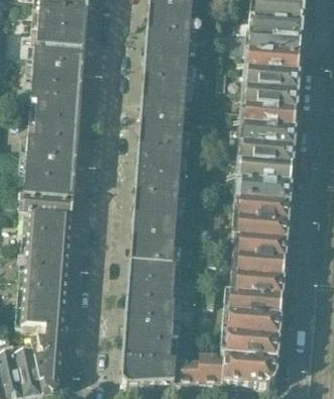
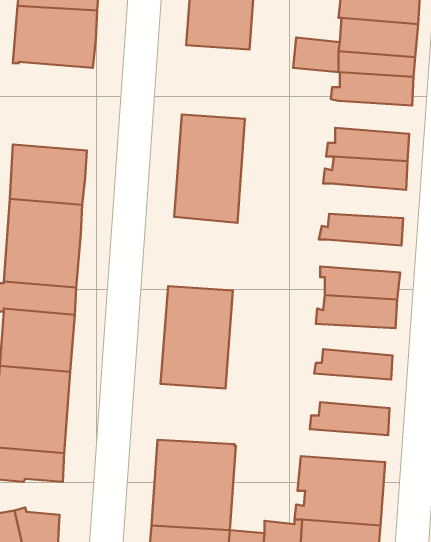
building: [144,32,190,82] -> none
building: [31,43,85,103] -> none
building: [242,70,299,92] -> none
building: [238,125,295,148] -> none
building: [135,147,182,197] -> none
building: [235,163,292,185] -> none
building: [234,219,288,240] -> none
building: [233,253,285,276] -> none
building: [128,260,182,300] -> none
building: [224,290,283,312] -> none
building: [38,323,65,347] -> none

